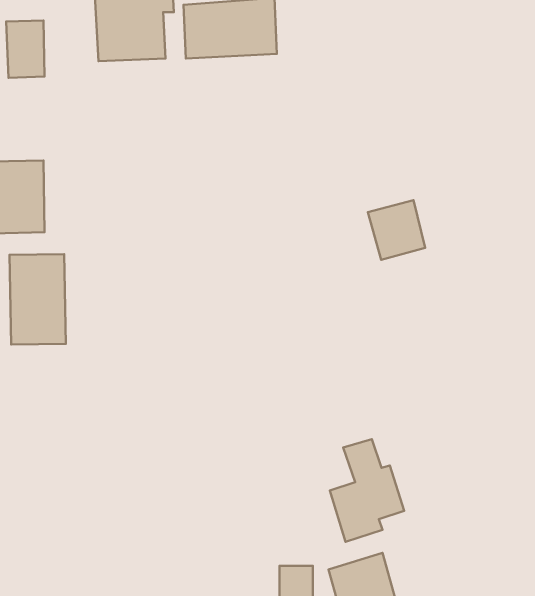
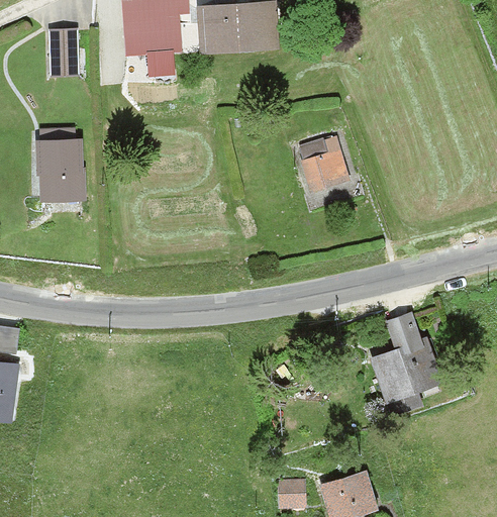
building: [368,200,425,260] -> [298,137,346,188]
building: [10,254,66,344] -> none
building: [330,439,404,542] -> [377,313,439,400]

